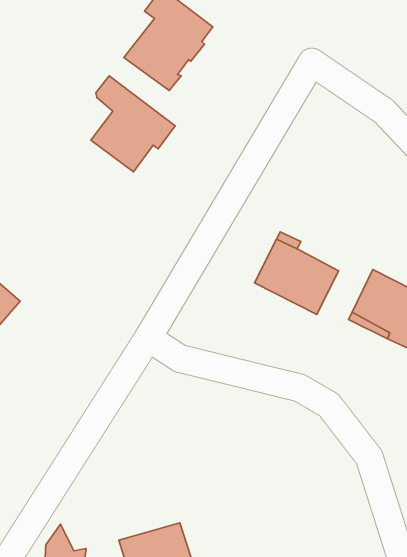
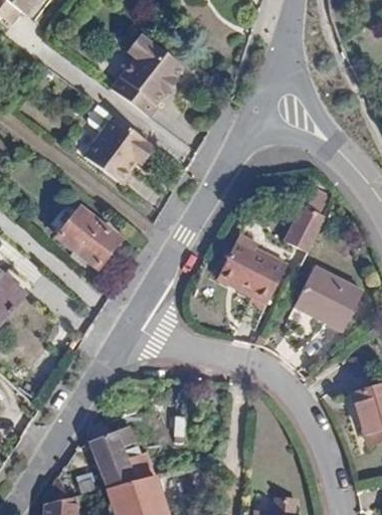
building: none -> [56,206,119,267]
building: none -> [284,206,325,253]
building: none -> [89,423,156,488]

